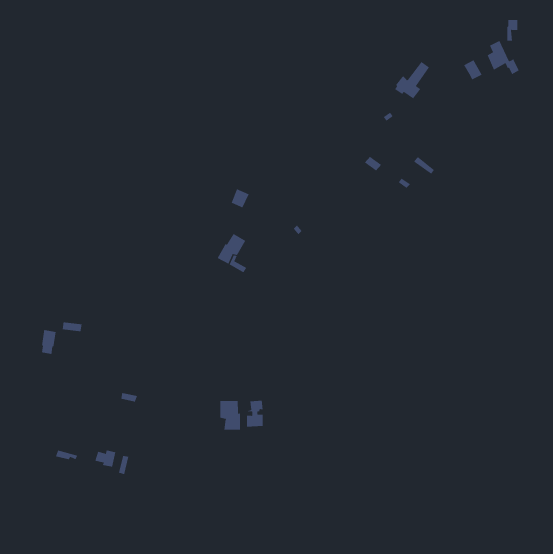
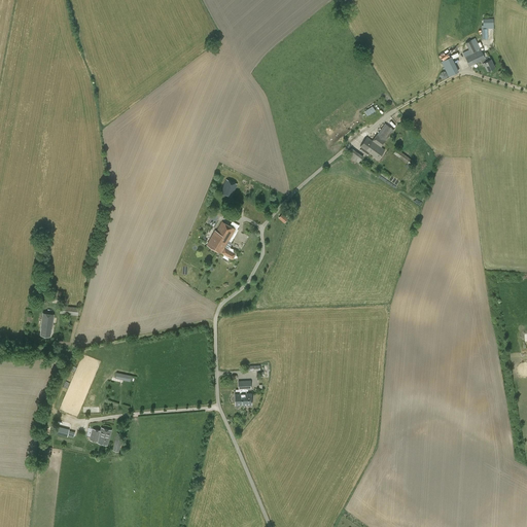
building: [394,61,430,99] -> [358,124,392,160]
building: [220,400,240,430] -> none

